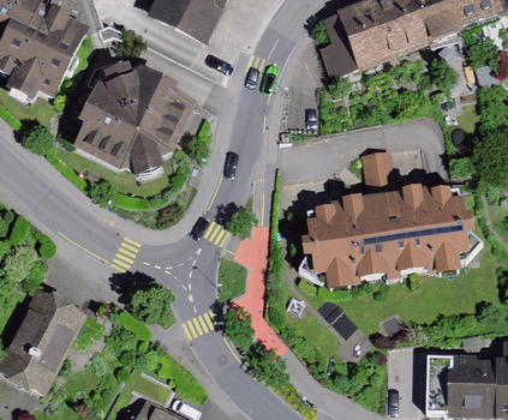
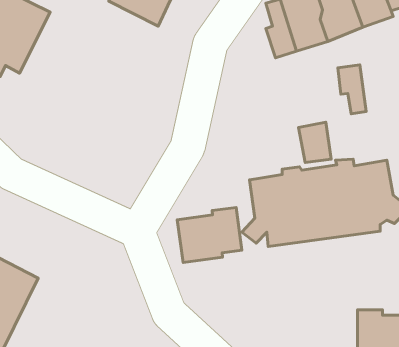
building: [73,56,196,174] -> none
building: none -> [338,65,366,114]
building: none -> [177,207,242,263]

